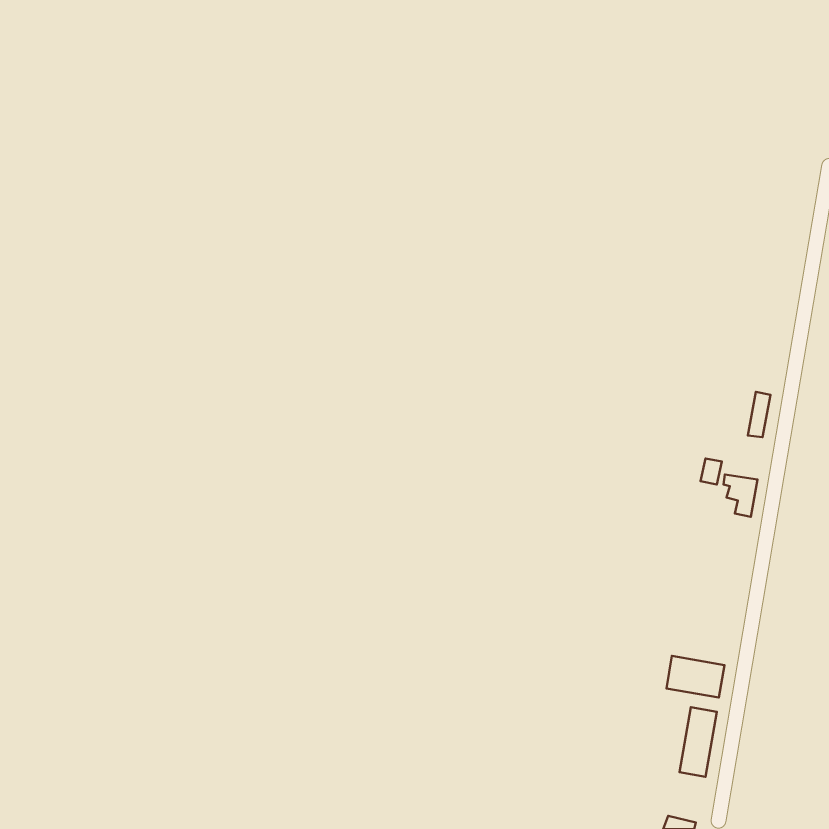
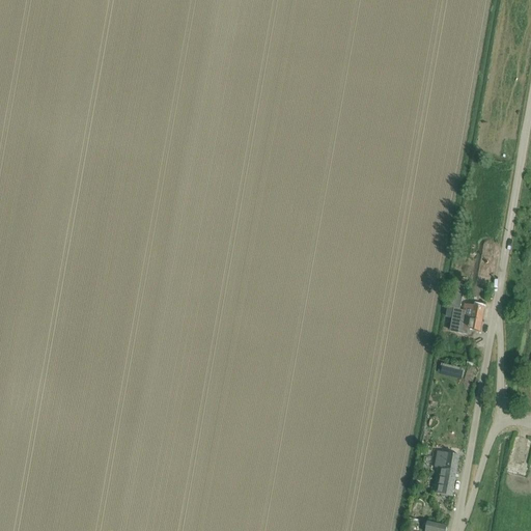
building: [667,656,724,698] -> none

